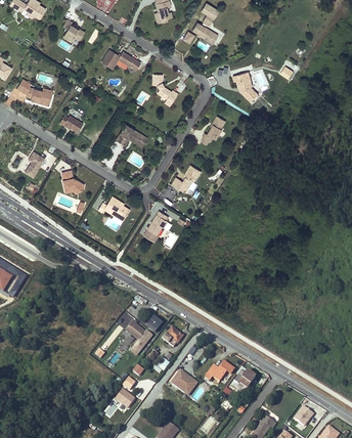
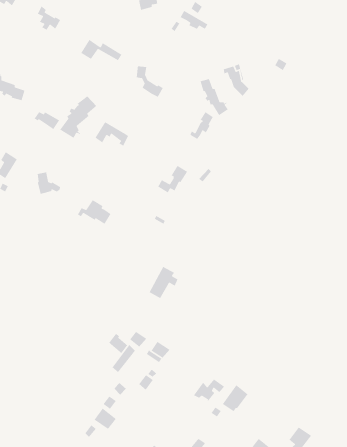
building: none -> [199,78,229,116]
building: none -> [59,96,97,139]
building: [144,211,172,242] -> [148,266,178,299]
building: [170,369,197,396] -> none

